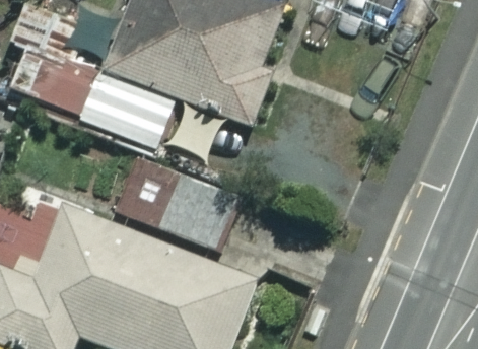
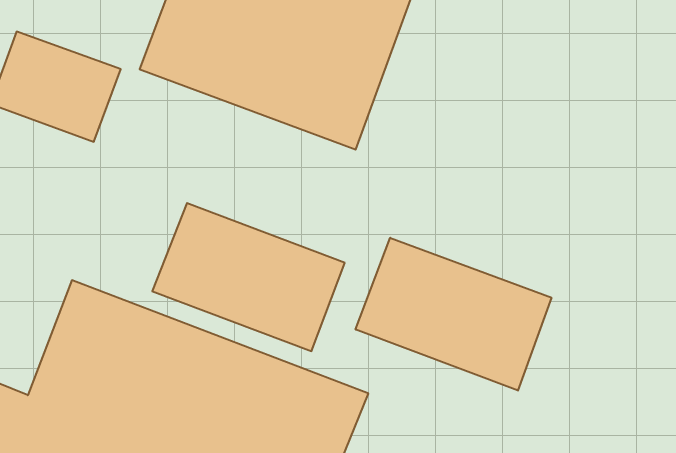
building: none -> [356,238,551,391]

